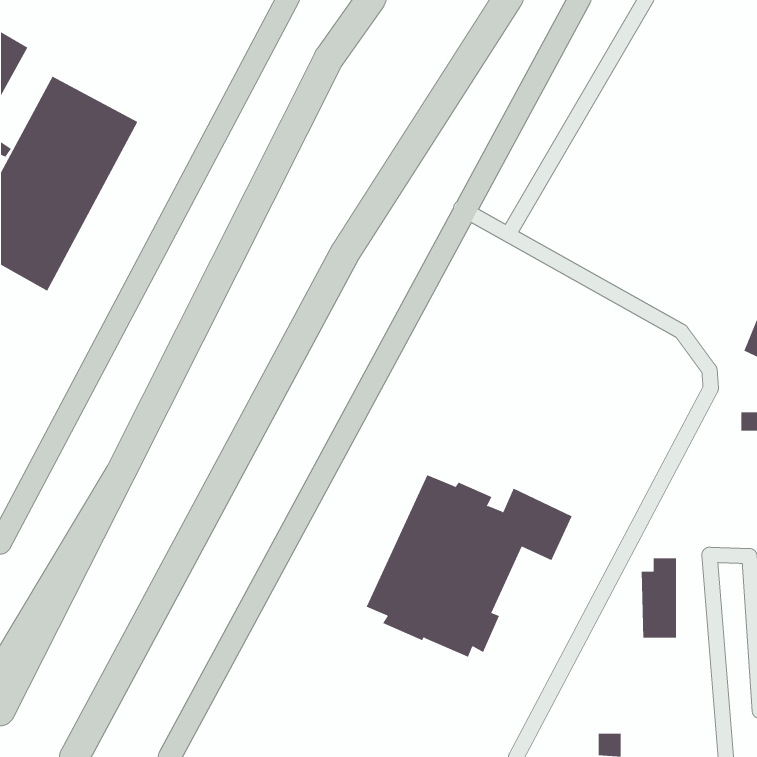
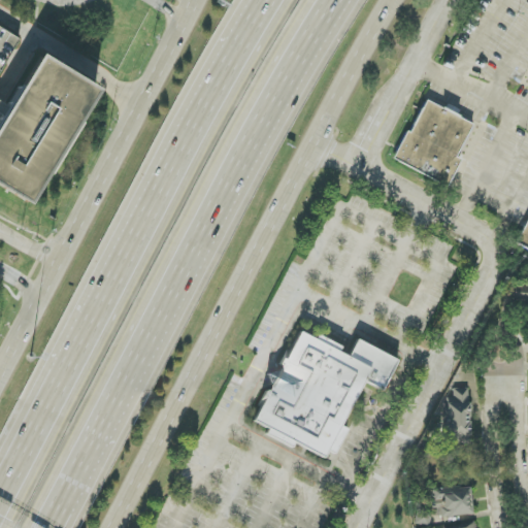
building: none -> [396,98,474,185]
building: none -> [434,485,475,516]

